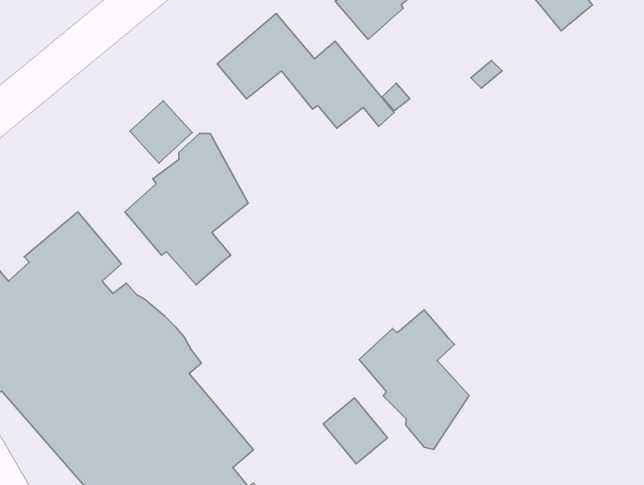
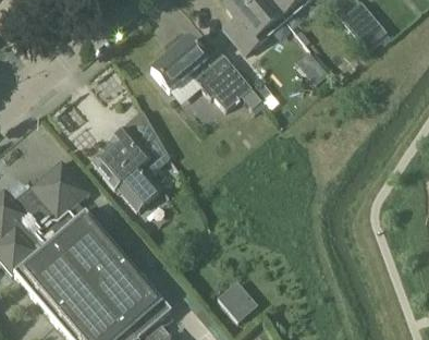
building: [130,101,192,163] -> none
building: [359,310,469,450] -> none

